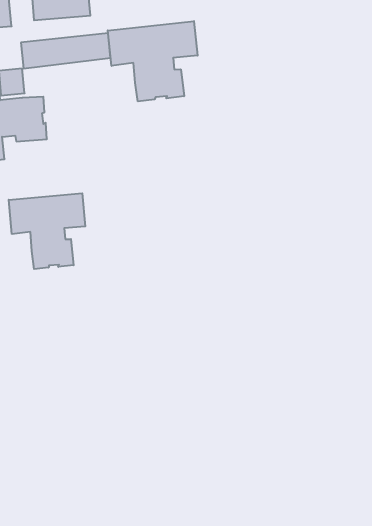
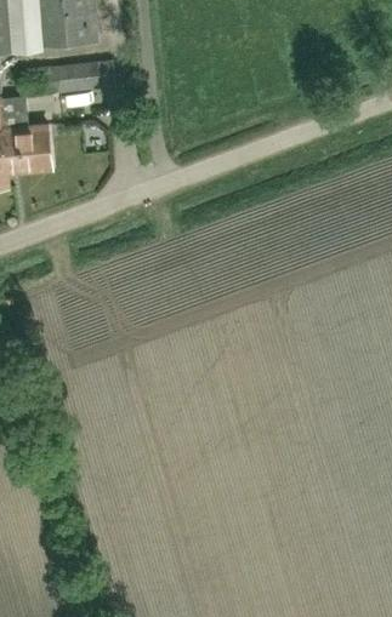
building: [108,21,198,101] -> none
building: [9,193,85,269] -> none

